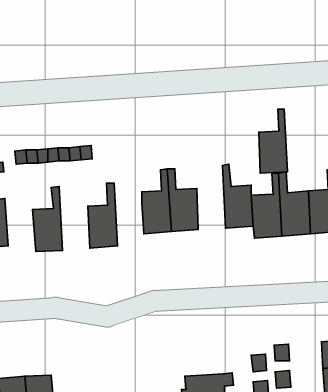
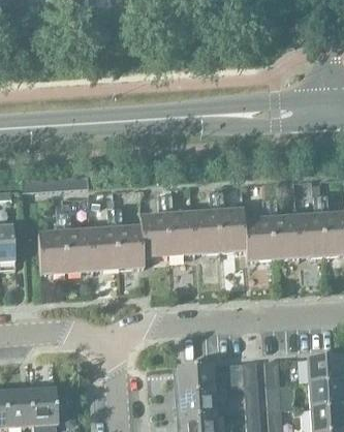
building: [259,109,288,173] -> [191,192,218,252]
building: none -> [114,208,142,268]
building: none -> [62,212,91,272]
building: none -> [178,363,216,390]

